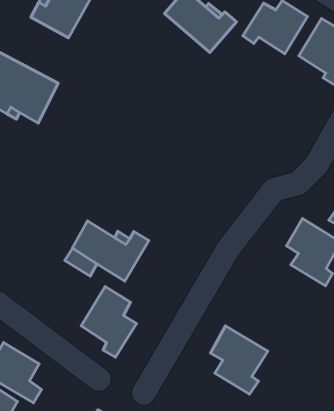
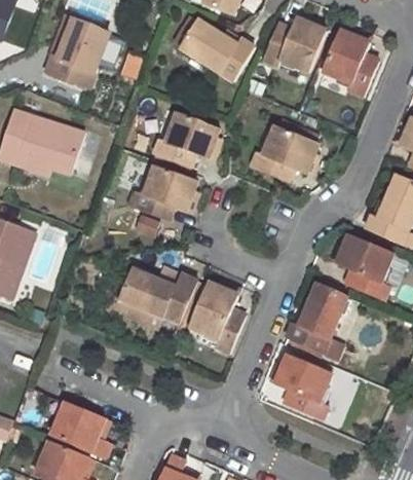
building: none -> [152,111,218,168]
building: none -> [251,125,316,181]
building: none -> [130,164,195,220]
building: none -> [285,284,345,354]
building: [81,286,137,357] -> [189,282,245,352]

